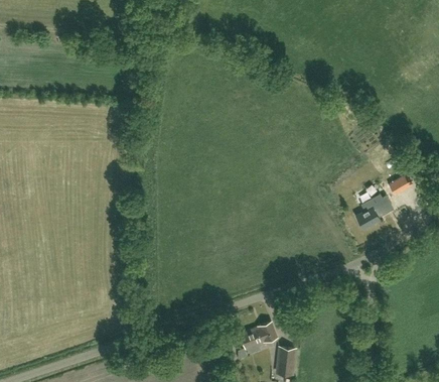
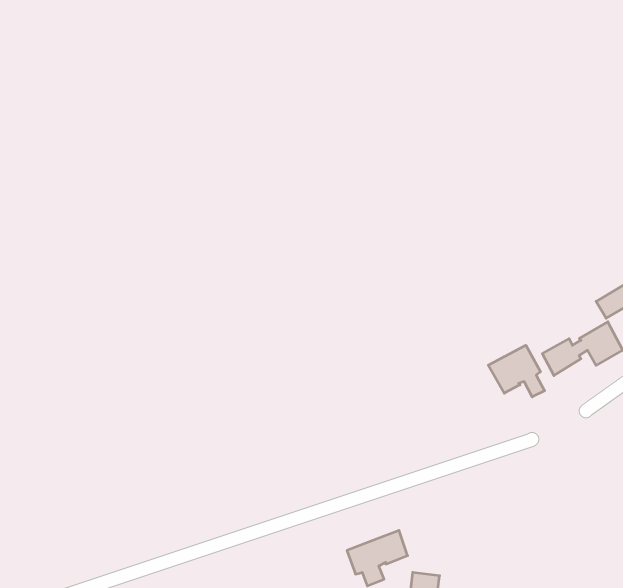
building: none -> [488,345,545,397]

